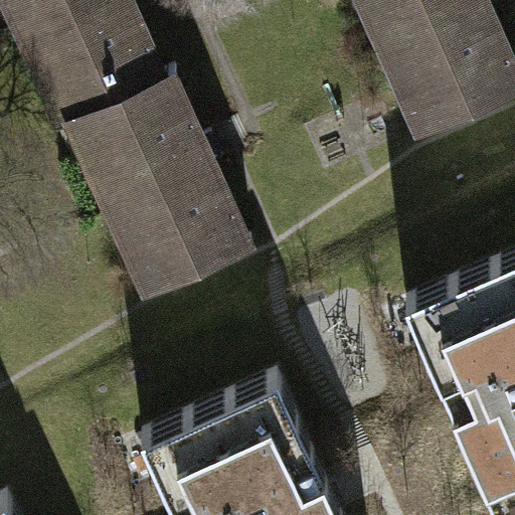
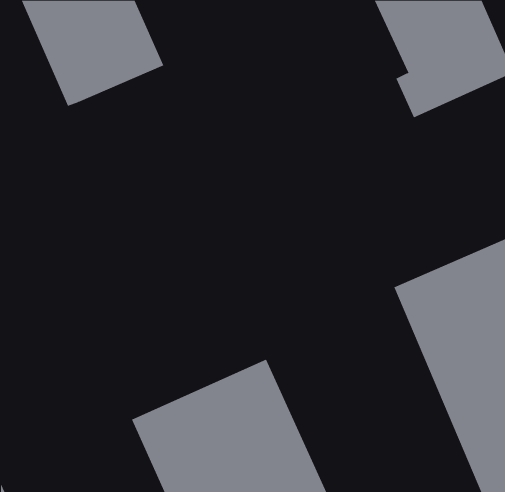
building: [82,78,250,292] -> none

